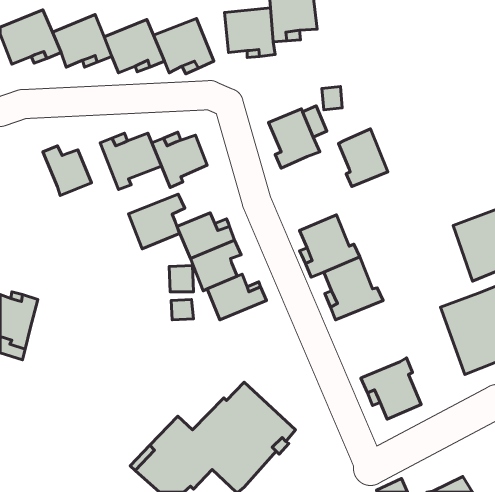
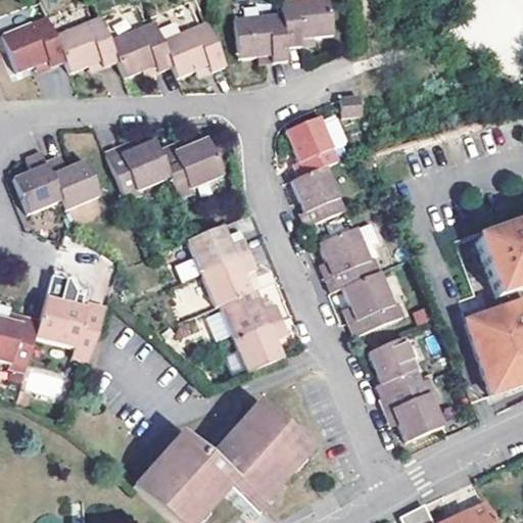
building: [338,129,388,186] -> [291,164,343,225]
building: none -> [14,147,62,209]
building: [128,194,185,249] -> none
building: none -> [34,291,105,368]
building: none -> [233,316,288,371]
building: none -> [370,335,422,396]

